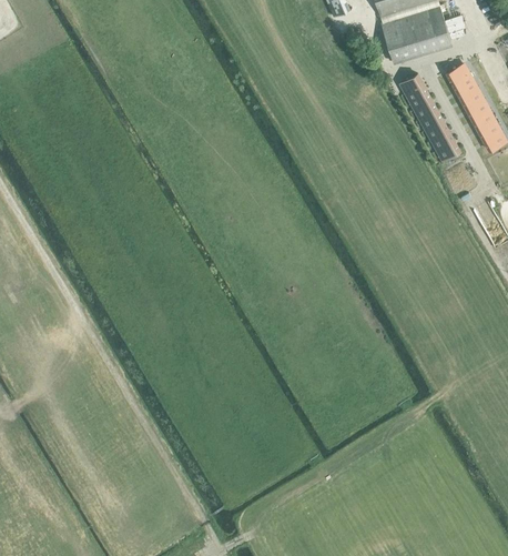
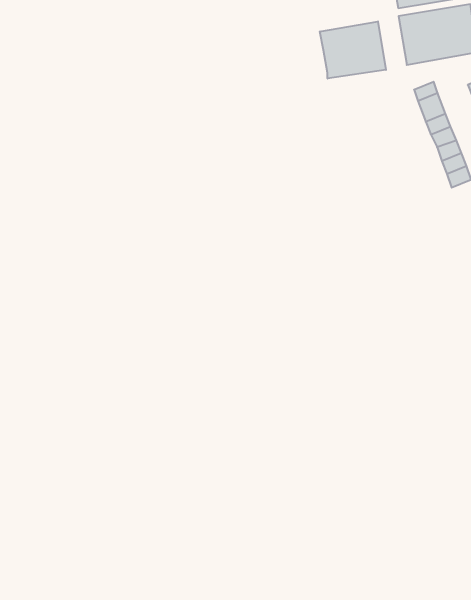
building: none -> [320,21,386,79]

